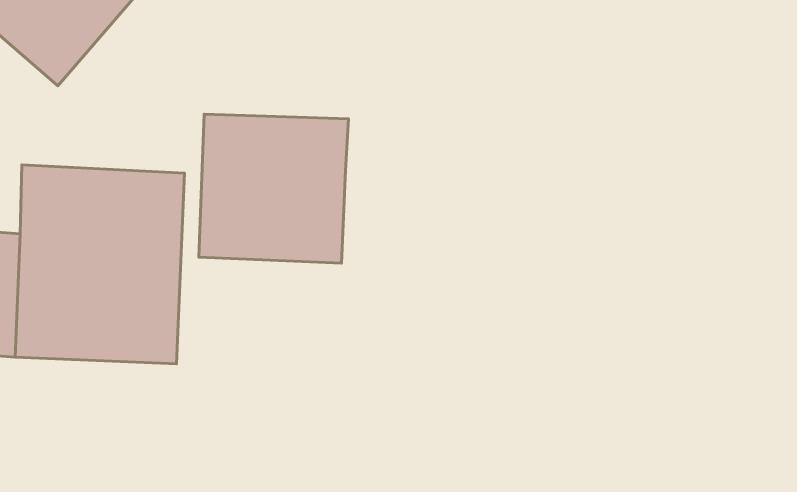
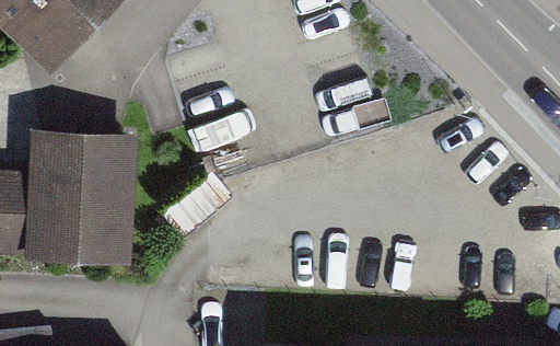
building: [199,114,349,263] -> none

